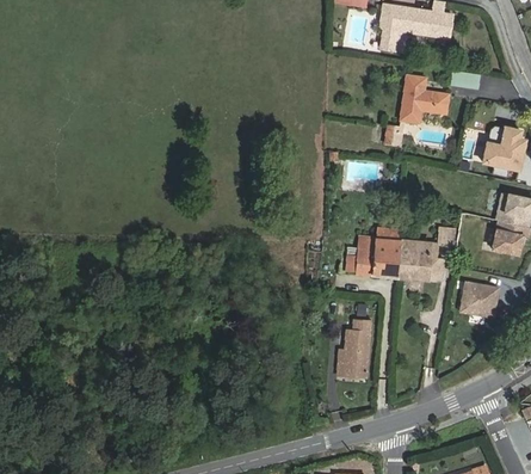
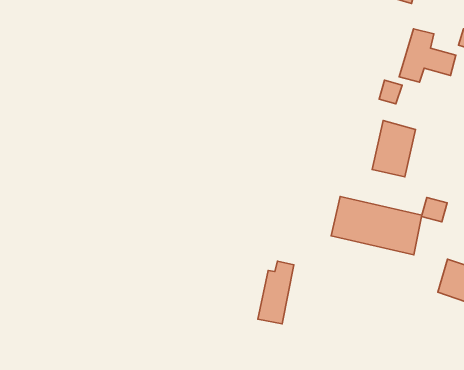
building: none -> [372,121,415,177]
building: [342,321,369,377] -> [258,261,294,324]

